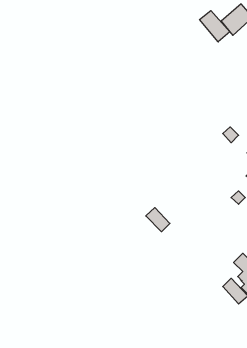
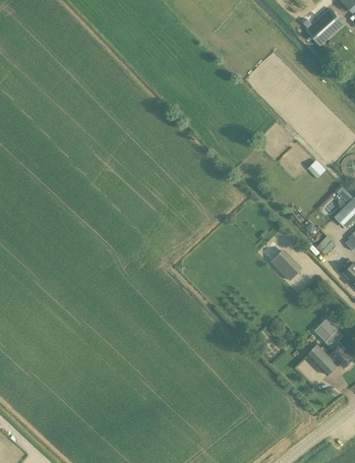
building: [200,11,230,42] -> none
building: [146,208,170,232] -> [270,249,299,279]

